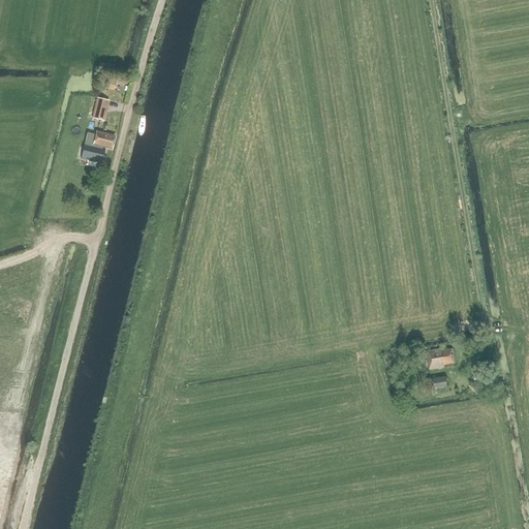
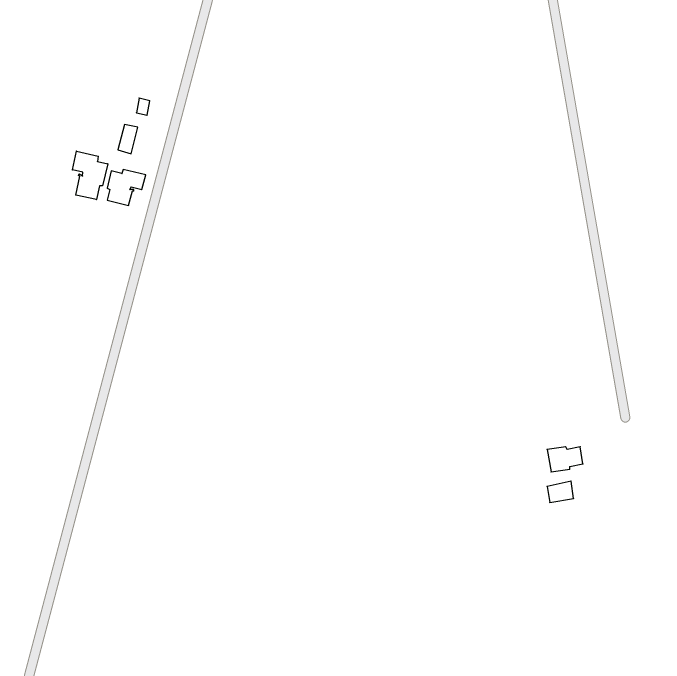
building: none -> [72,151,108,200]

